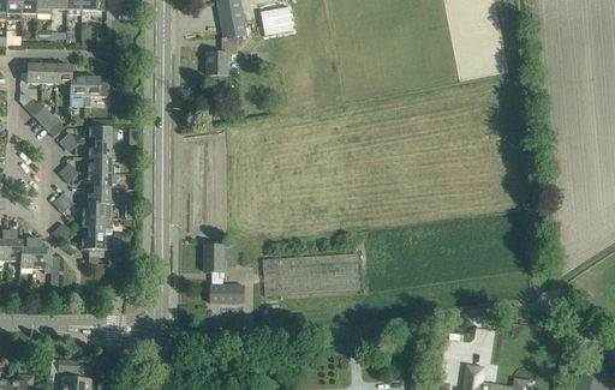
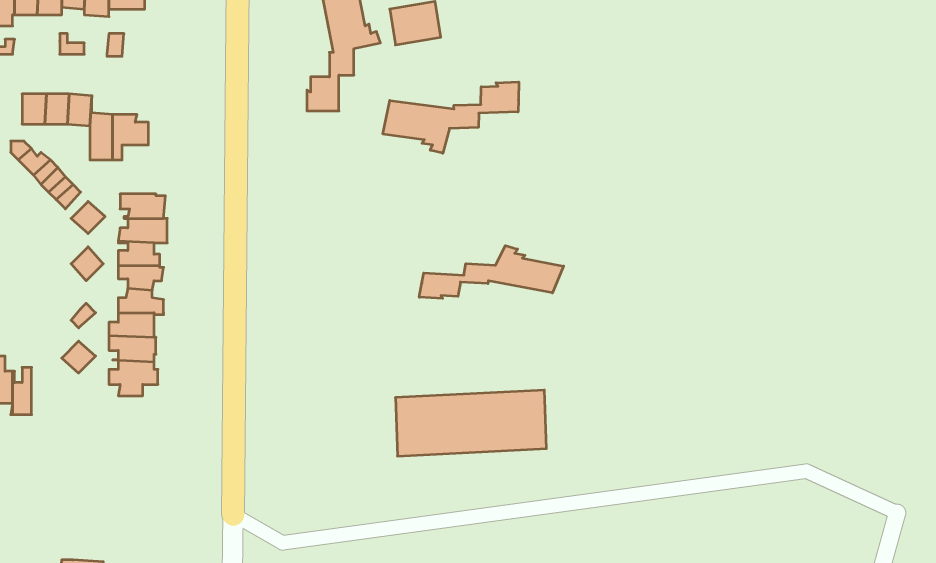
building: none -> [383,82,519,153]
building: none -> [419,246,564,298]
building: [31,238,58,272] -> none
building: [204,245,243,302] -> none

